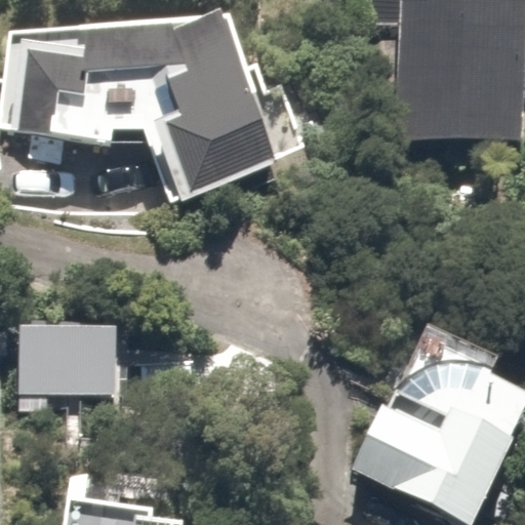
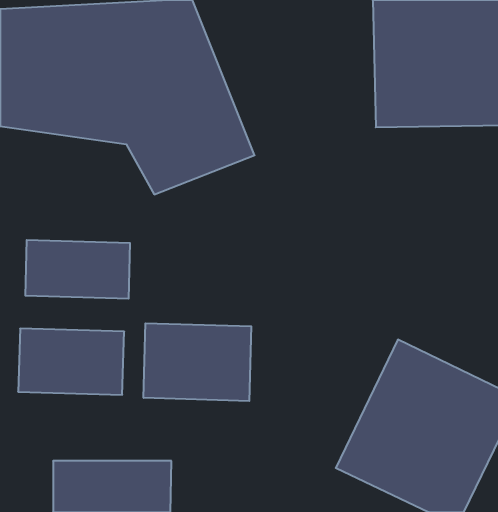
building: none -> [25,240,130,299]
building: none -> [144,323,251,401]

